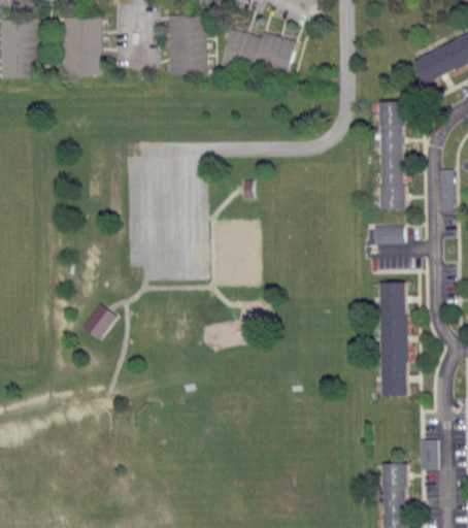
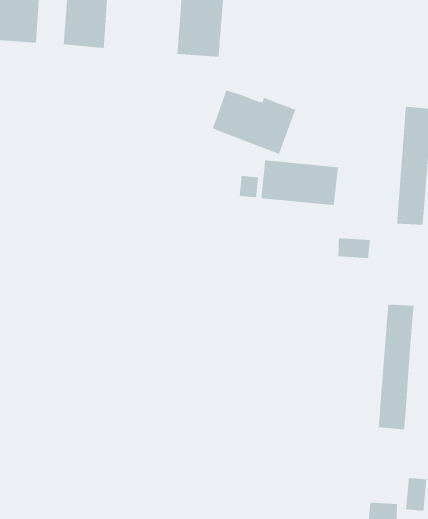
building: [219,29,294,84] -> [212,89,296,155]
building: none -> [261,160,339,206]
building: [367,225,397,243] -> [337,238,371,259]
building: [79,302,116,340] -> none

